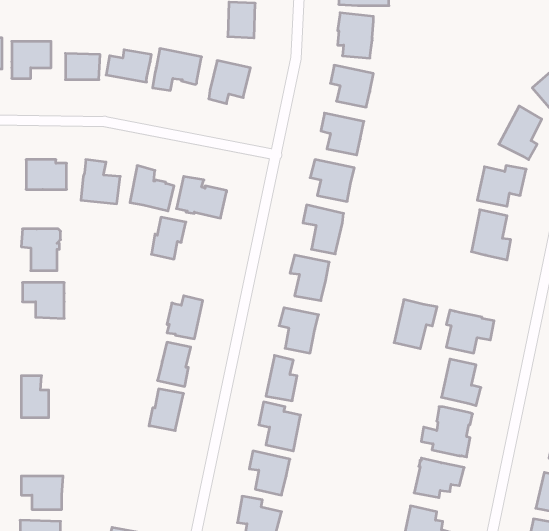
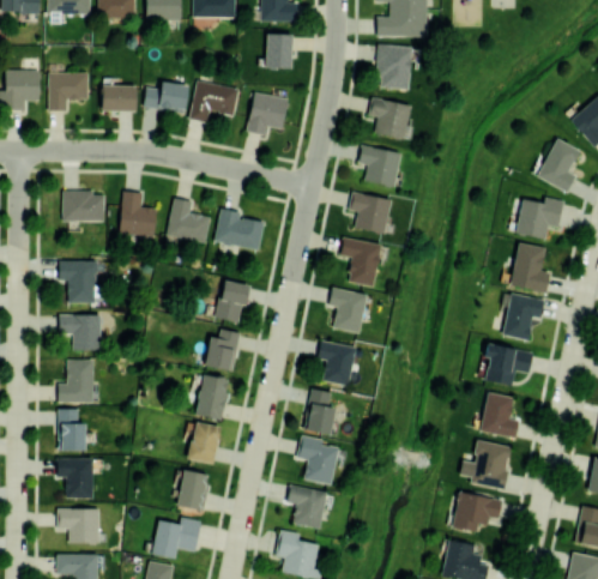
building: [151,217,186,259] -> [216,281,250,322]
building: [394,300,437,349] -> [502,292,545,342]
building: none -> [59,360,95,403]
building: none -> [58,458,93,497]
building: none -> [176,470,209,511]
building: none -> [152,518,201,559]

